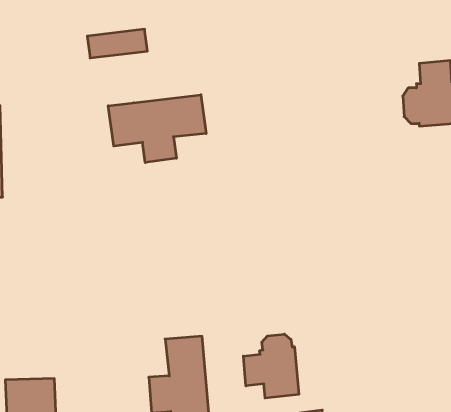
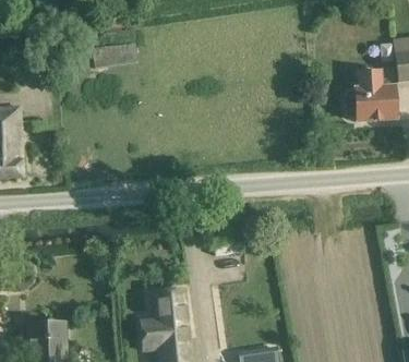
building: [108,95,206,163] -> none
building: [243,334,299,398] -> none

